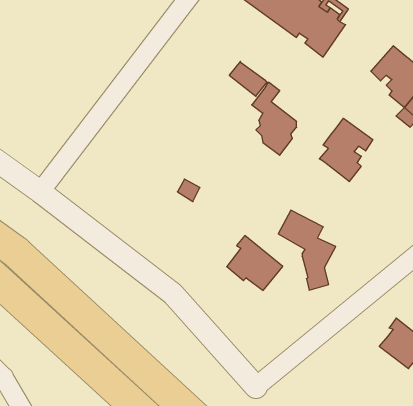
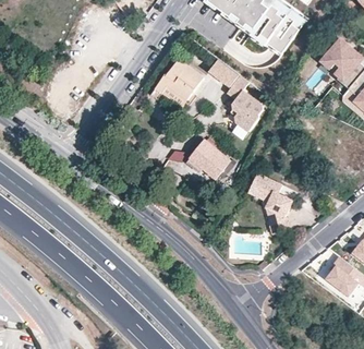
building: none -> [155,59,203,106]
building: [319,118,373,182] -> none
building: [227,236,283,290] -> [186,135,230,178]

